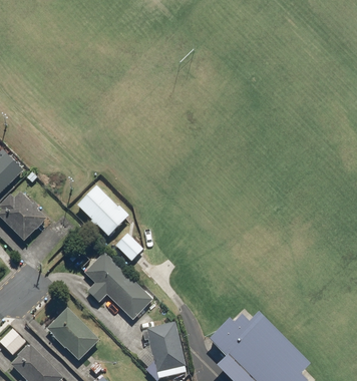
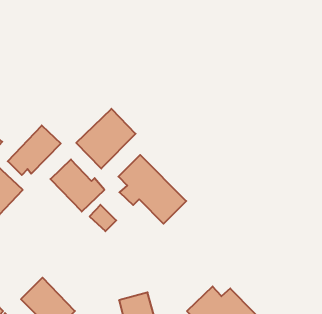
building: none -> [76,109,136,169]
building: none -> [8,125,61,175]
building: [84,252,153,322] -> [118,155,186,224]

